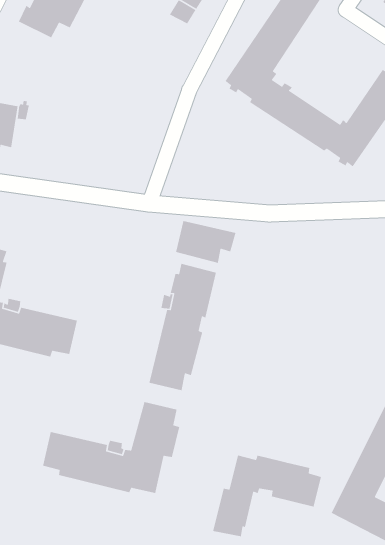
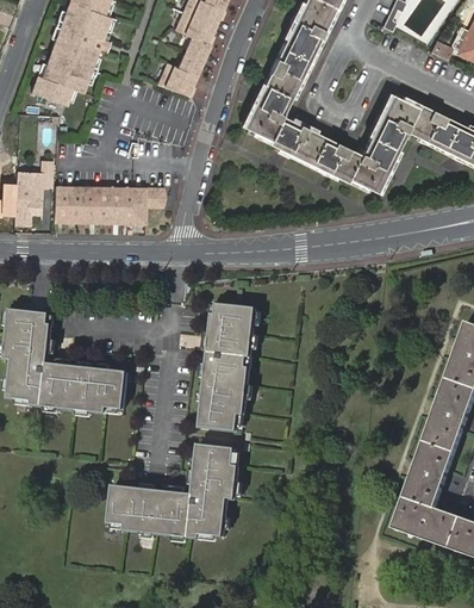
building: none -> [157,62,195,94]
building: none -> [54,185,166,222]
building: [175,220,236,264] -> none
building: [212,455,322,537] -> none

